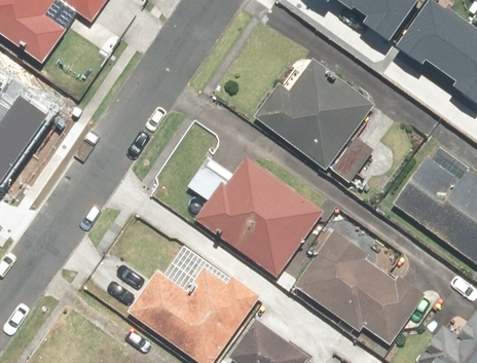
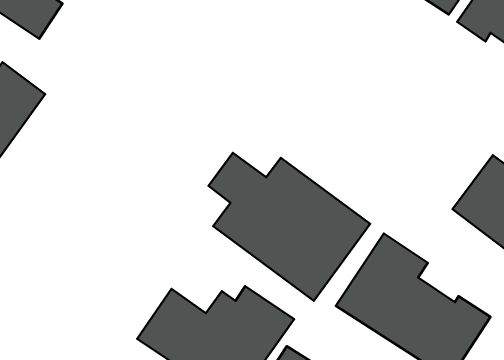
building: [254,61,387,190] -> none

